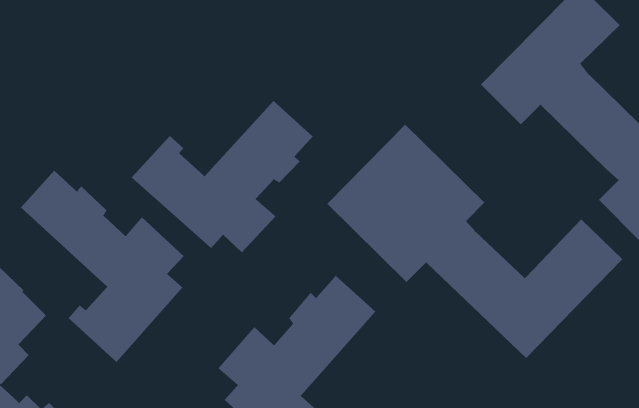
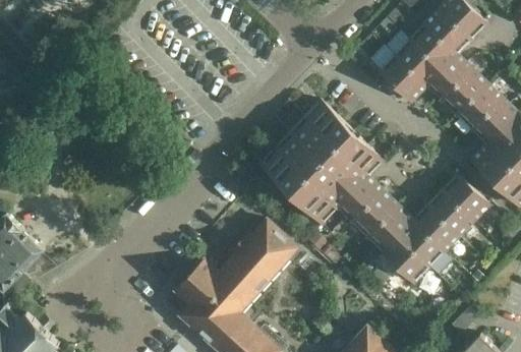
building: [131,100,314,253] -> none
building: [20,170,185,363] -> none

